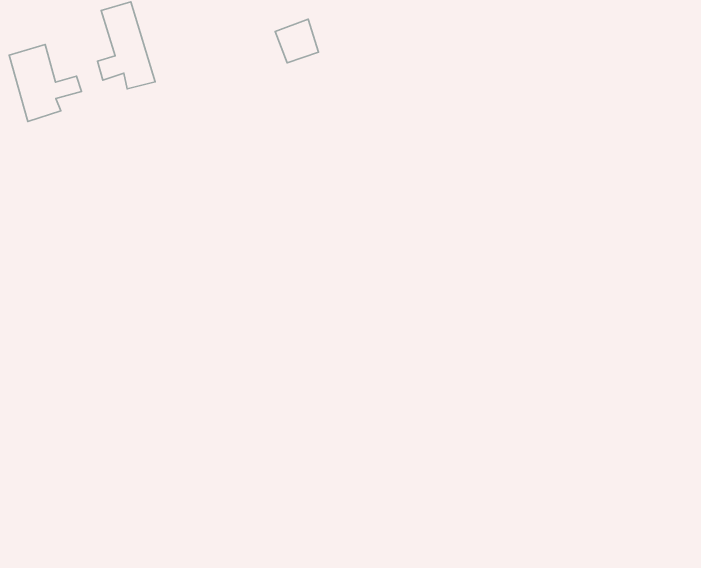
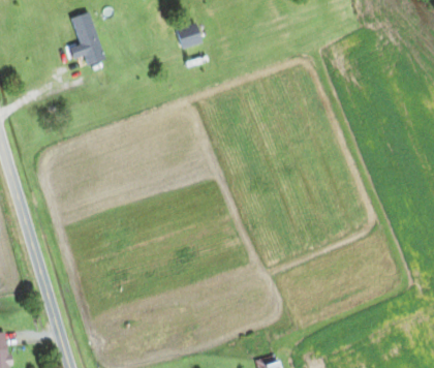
building: [9,45,82,121] -> none

